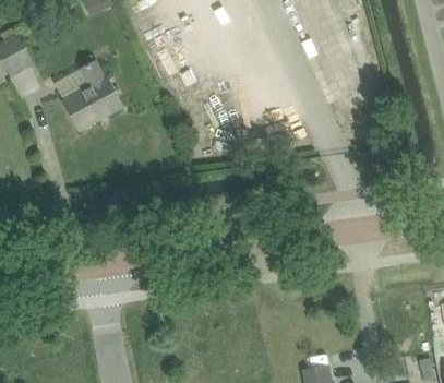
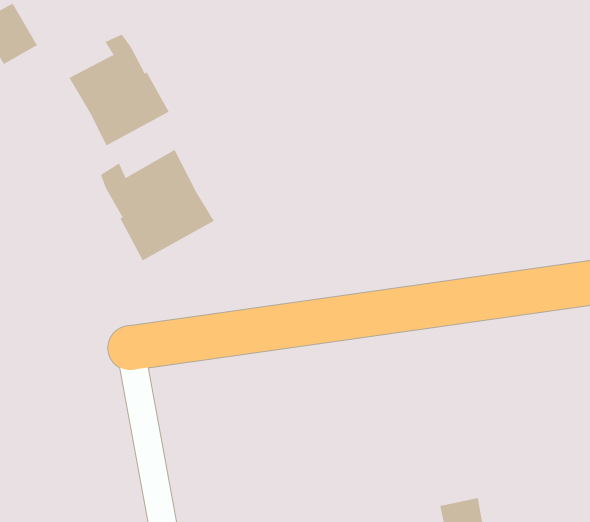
building: none -> [100,149,214,261]

